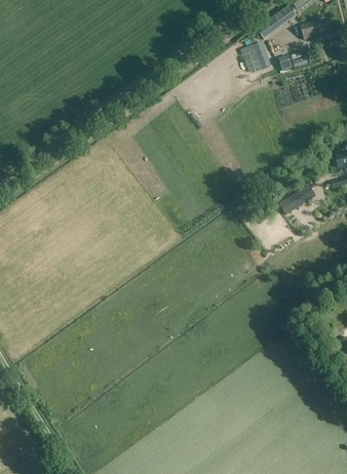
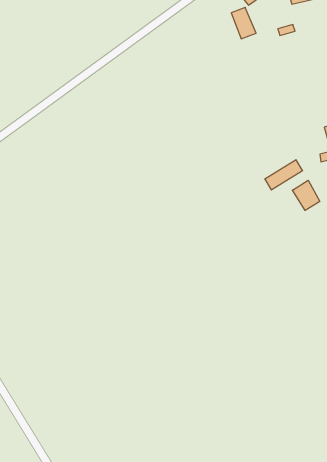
building: none -> [292,180,320,210]

